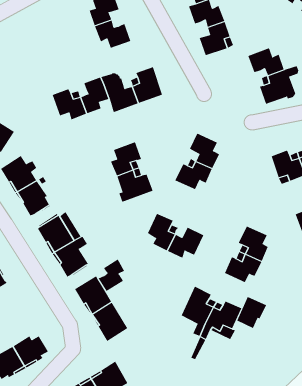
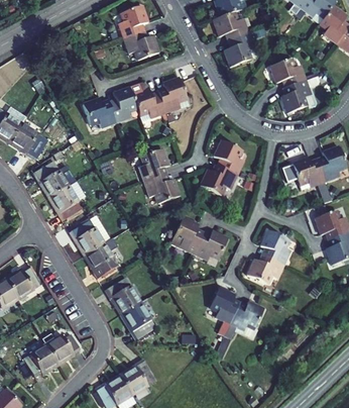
building: [98,259,125,292] -> none
building: [236,296,267,329] -> none

